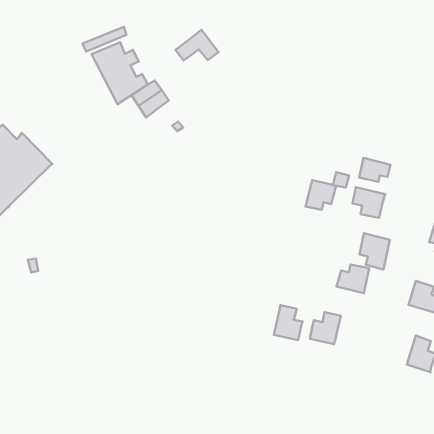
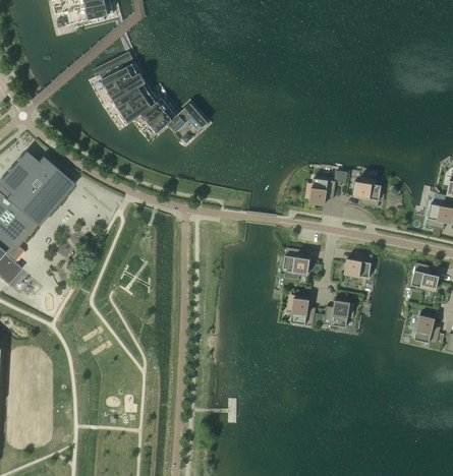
building: [175,30,218,61] -> [167,103,207,132]
building: [359,158,391,182] -> none
building: [359,233,390,269] -> none
building: none -> [282,247,308,274]

